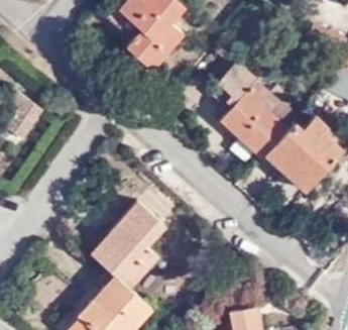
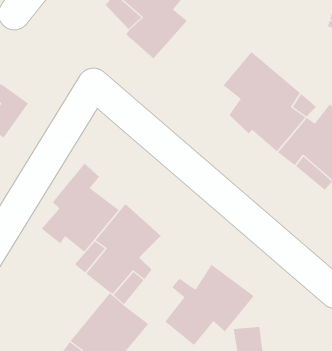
building: none -> [41,163,120,253]
building: none -> [165,264,254,346]

